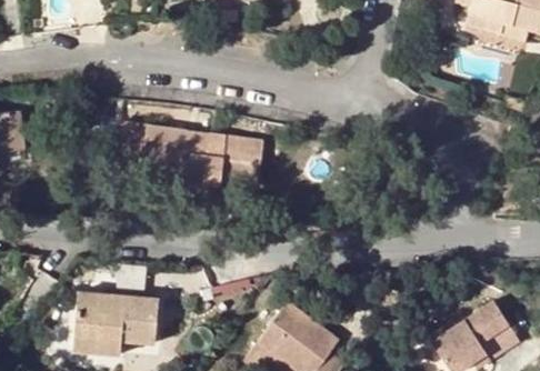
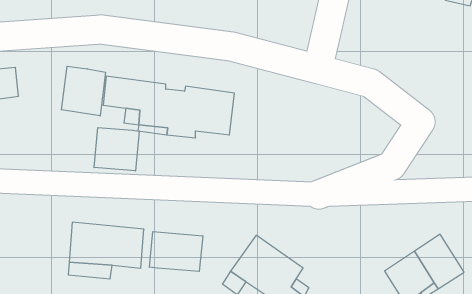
building: none -> [62,66,106,116]
building: none -> [94,128,139,171]
building: none -> [149,232,203,271]

